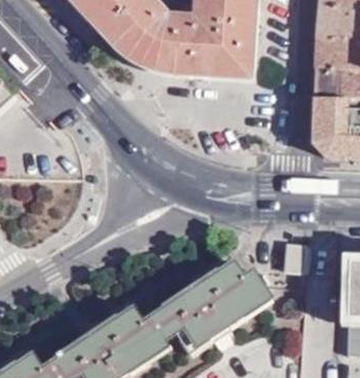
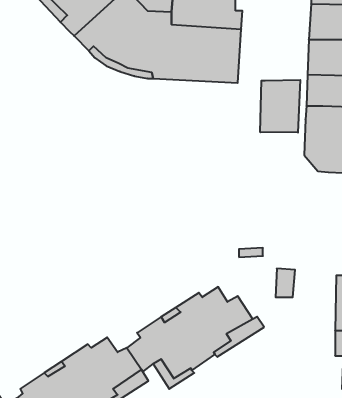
building: none -> [260,80,300,133]

